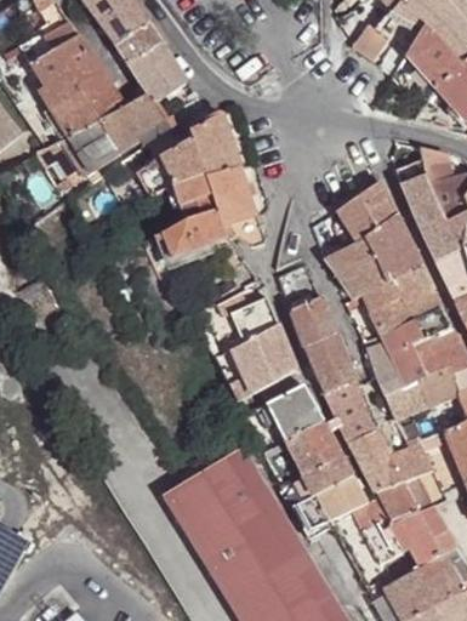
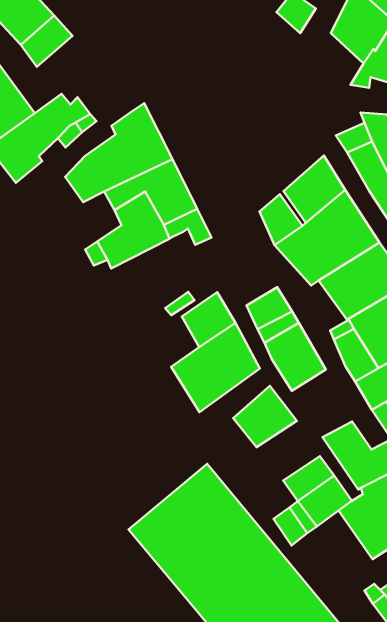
building: [127,41,189,104] -> none
building: [324,377,376,439] -> none
building: [285,421,342,474] -> none

